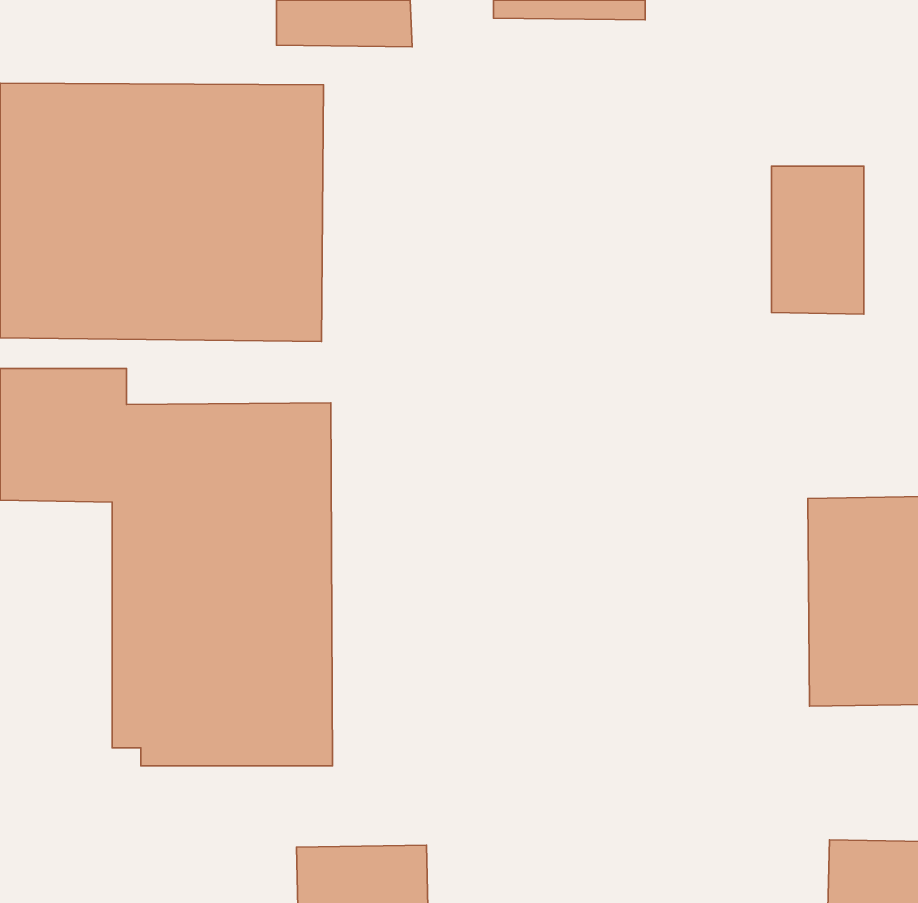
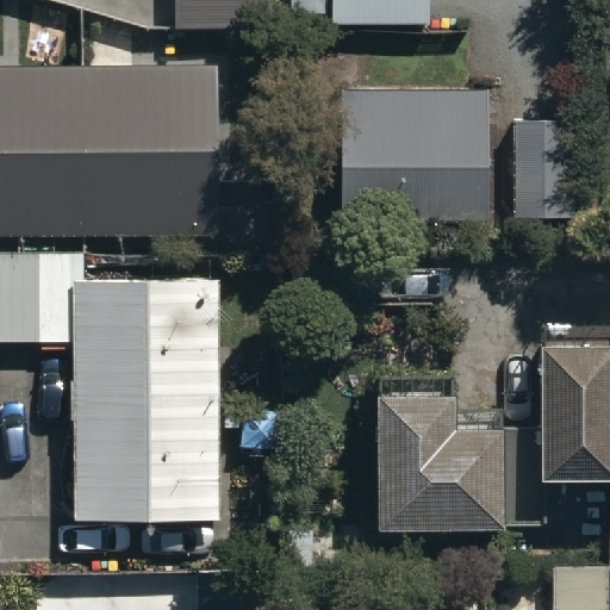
building: none -> [337,91,488,222]
building: none -> [371,380,499,513]

